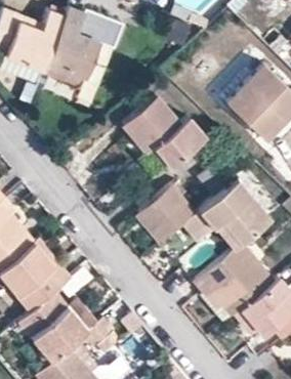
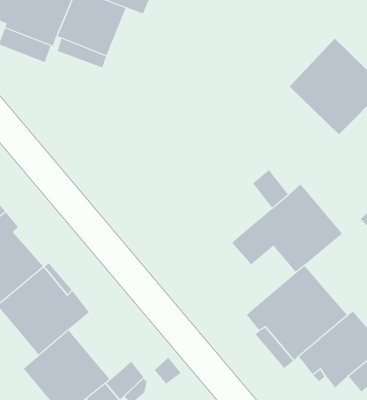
building: [123,97,206,167] -> none
building: [136,185,196,243] -> none

